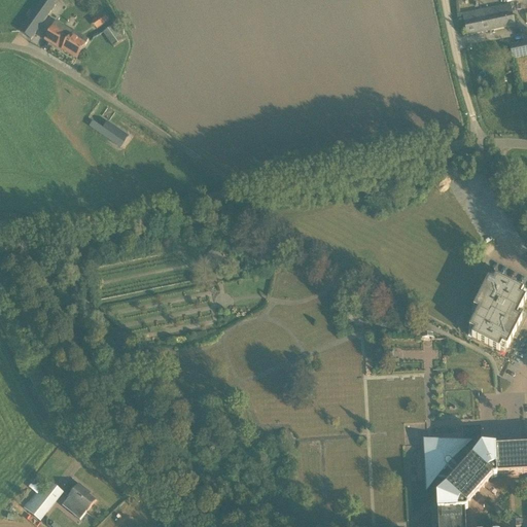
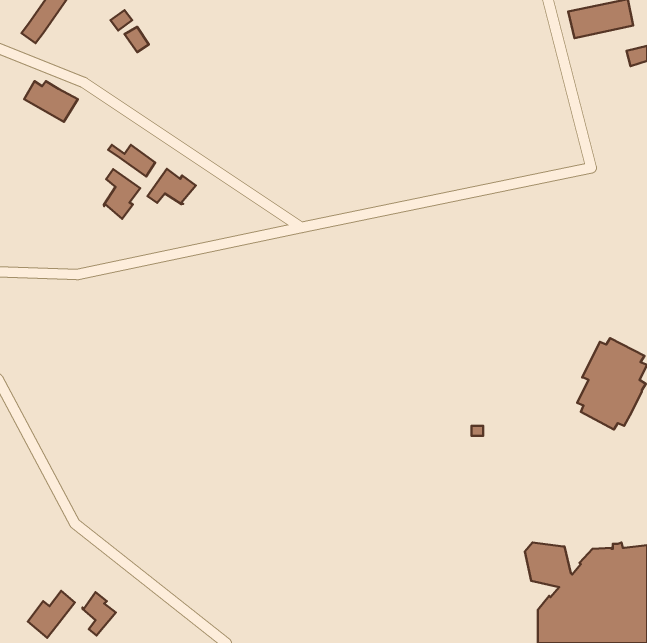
building: [43,22,86,55] -> [24,81,78,122]
building: none -> [148,169,196,204]
building: none -> [104,169,140,219]

